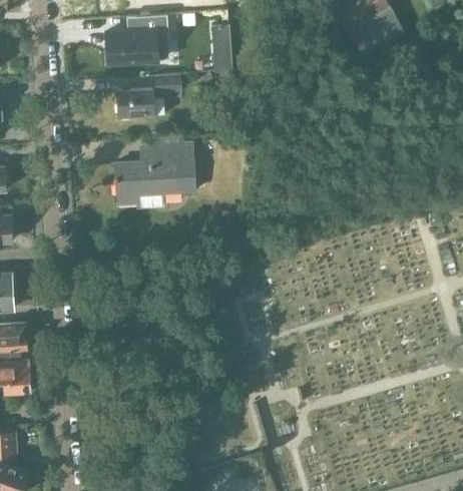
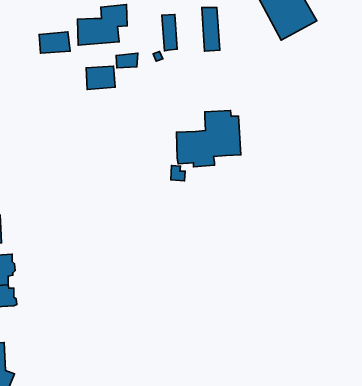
building: none -> [202,7,220,51]
building: none -> [39,32,70,53]
building: [115,137,195,207] -> [177,110,241,167]

